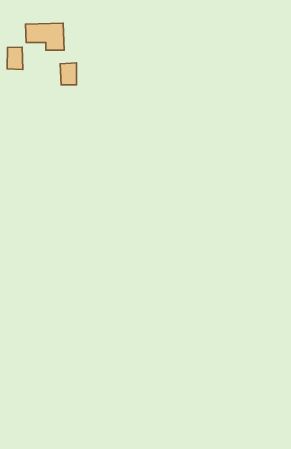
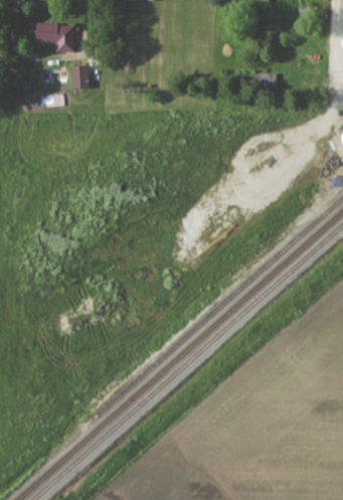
building: [7,47,23,70] -> none

